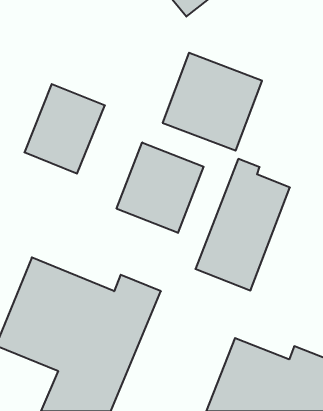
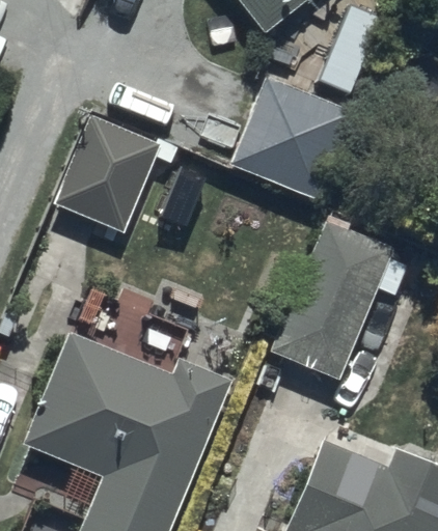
building: [117,142,204,233] -> none

